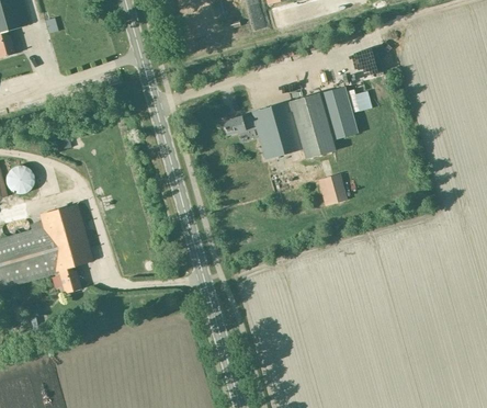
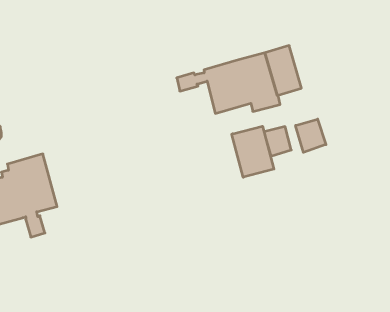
building: none -> [296,119,326,152]
building: none -> [232,126,274,177]

